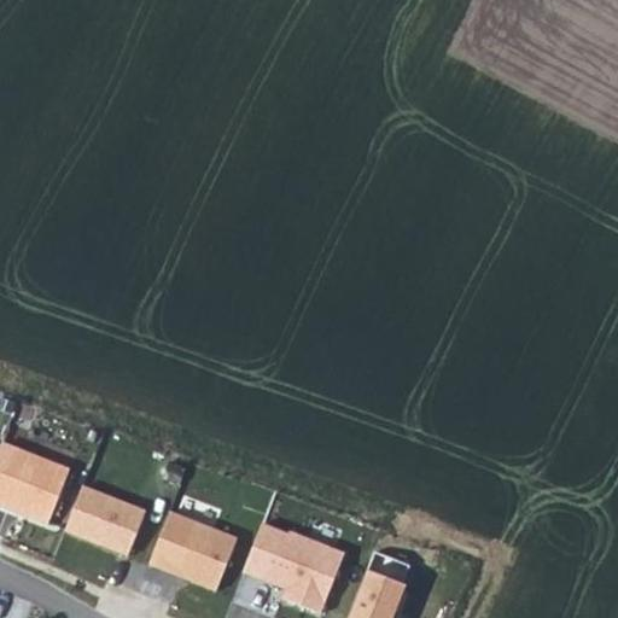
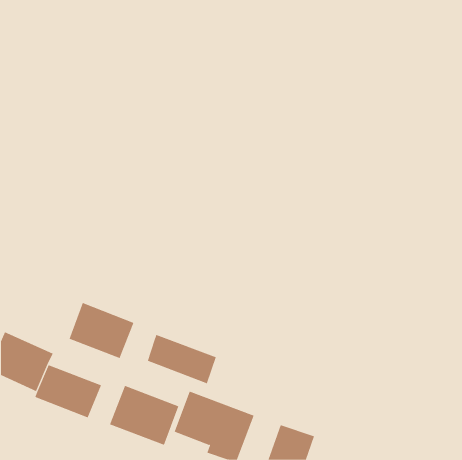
building: none -> [69,302,134,359]
building: none -> [147,334,216,384]

